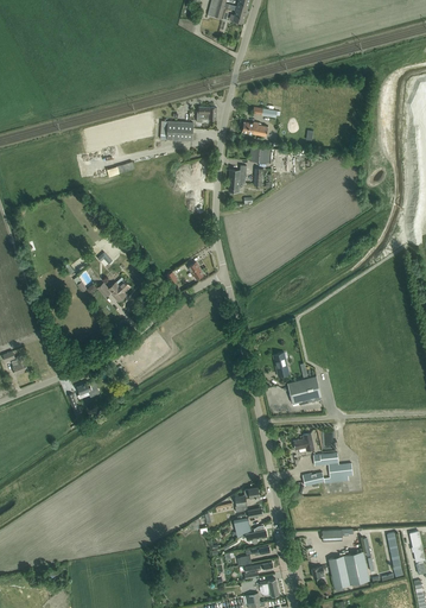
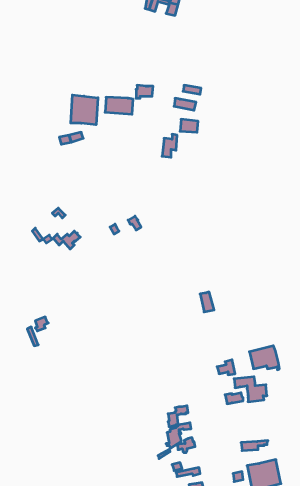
building: none -> [71,95,98,125]
building: [287,376,323,405] -> [249,346,279,370]

